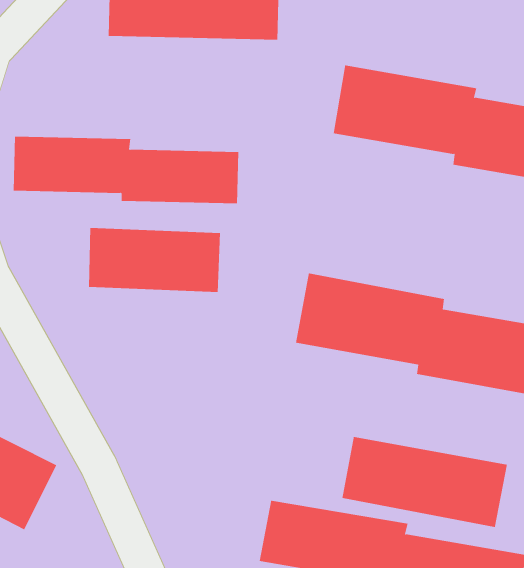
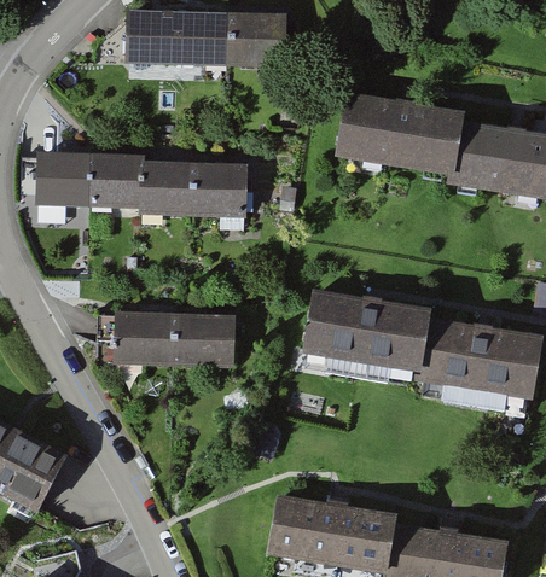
building: [88,228,221,292] -> [111,311,234,372]
building: [342,436,507,528] -> none

